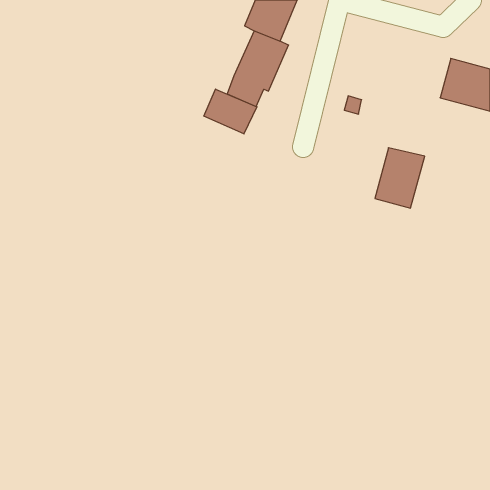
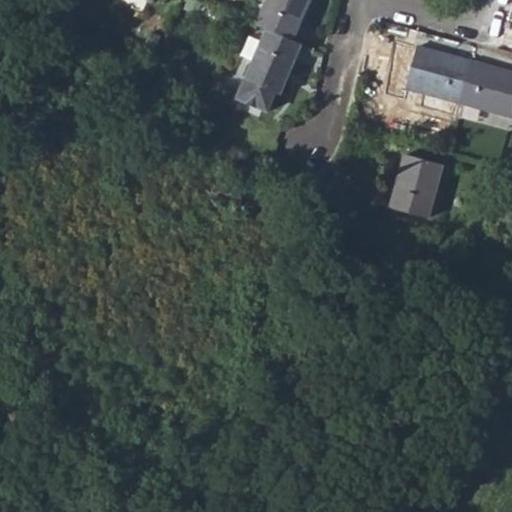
building: none -> [406,47,470,102]
building: [204,89,257,134] -> none

